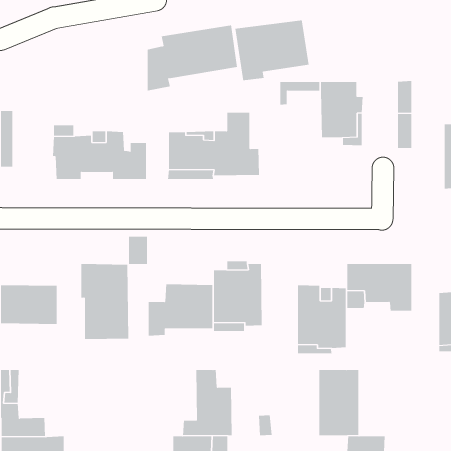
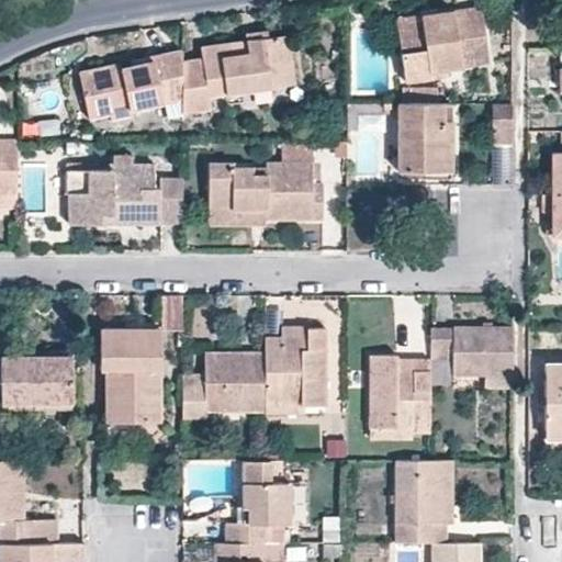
building: [234,20,310,81] -> [396,8,490,83]
building: none -> [79,49,183,127]

